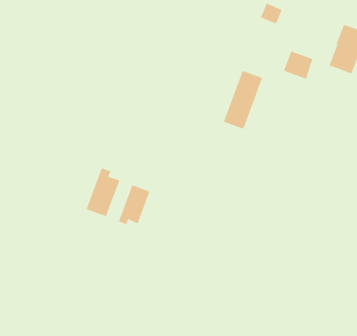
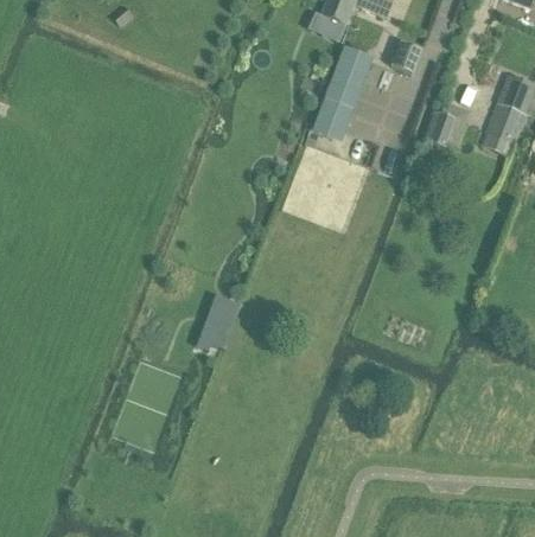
building: [223,70,263,130] -> [314,47,369,129]
building: [86,167,120,217] -> none

